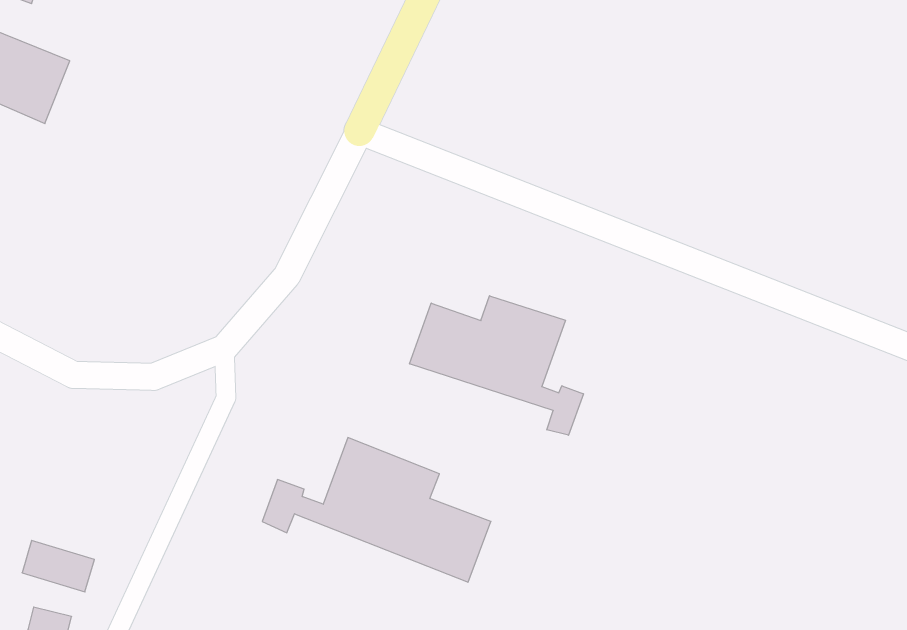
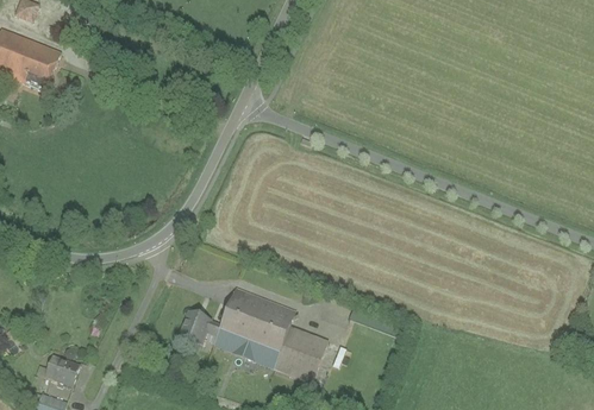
building: [410,296,583,435] -> none

